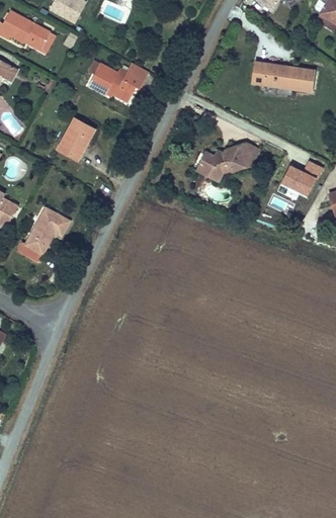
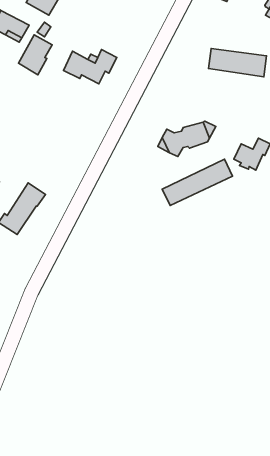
building: [58,115,95,160] -> [19,35,52,75]
building: none -> [162,159,232,206]

